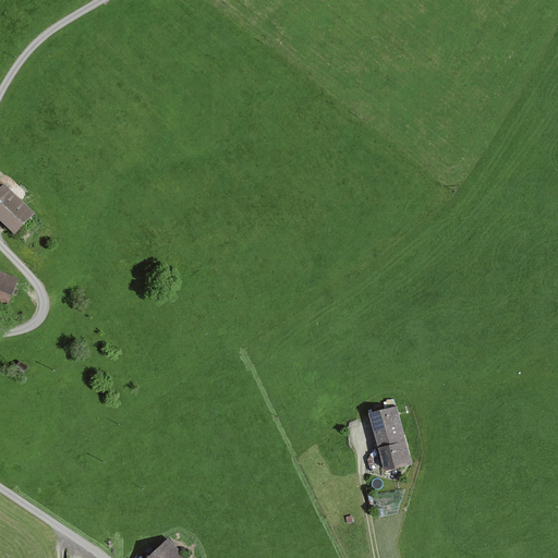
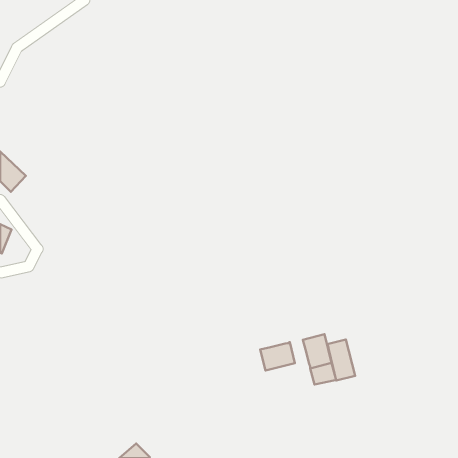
building: none -> [327,339,355,381]
building: none -> [260,342,295,371]

